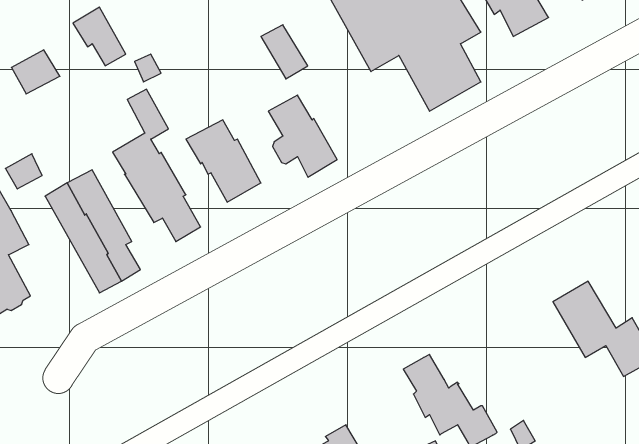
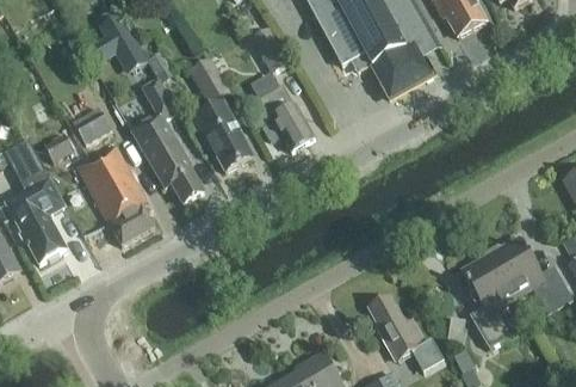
building: [11,50,60,94] -> [74,106,113,142]
building: none -> [190,59,233,105]
building: none -> [460,252,515,348]

